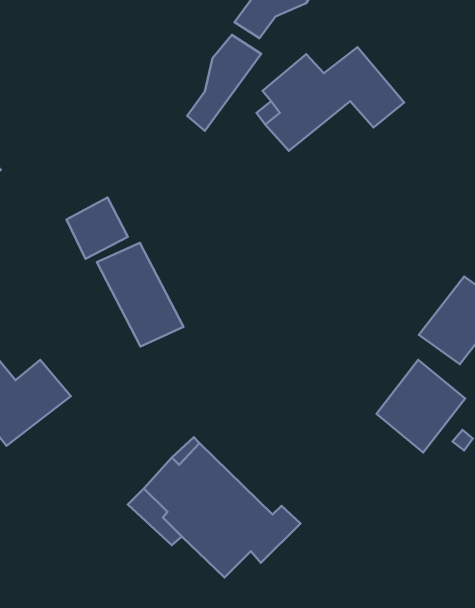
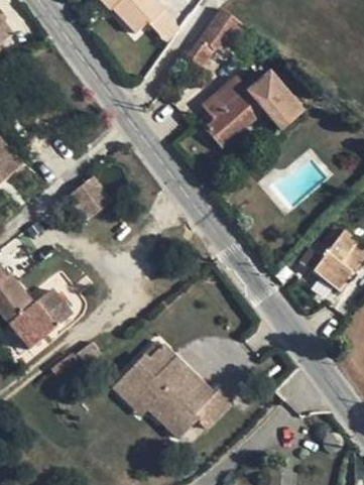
building: [187,35,261,131] -> none
building: [97,243,183,346] -> none
building: [376,360,465,452] -> none

